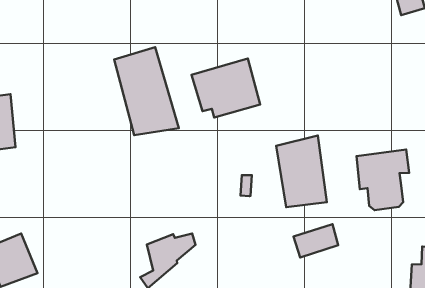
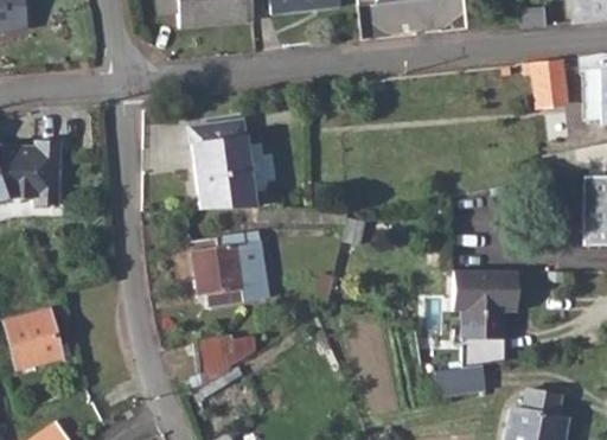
building: [192,58,260,117] -> [191,241,268,306]
building: [276,136,327,207] -> none
building: [293,224,338,257] -> [434,364,486,398]

